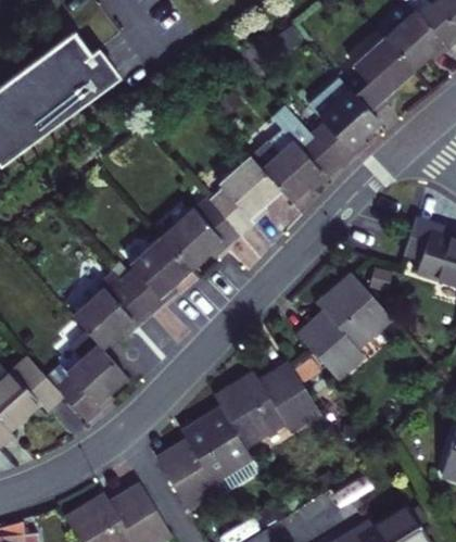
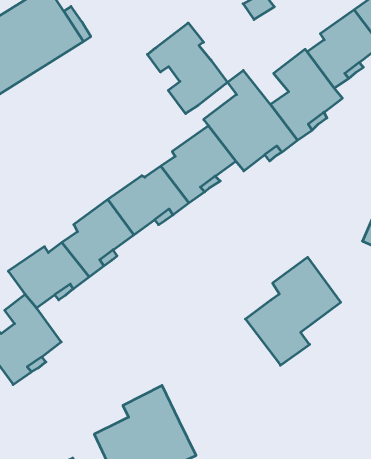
building: none -> [147,23,228,114]
building: [217,366,320,445] -> none

